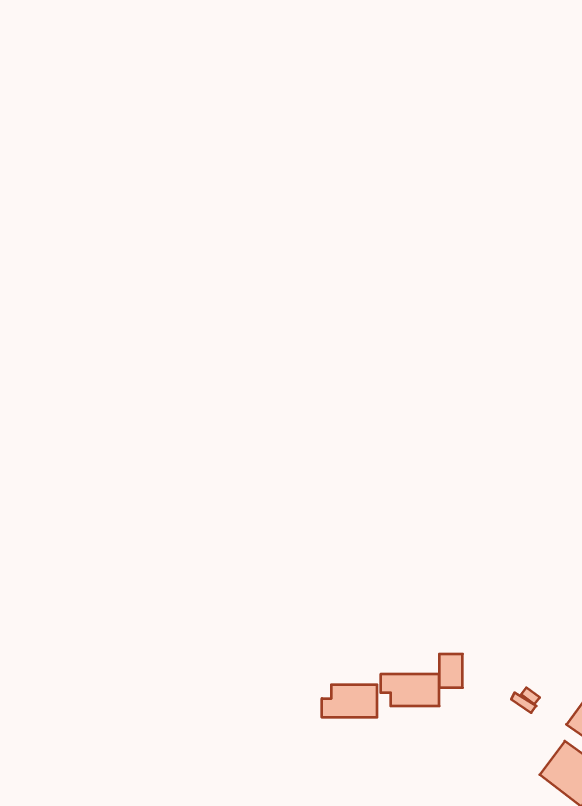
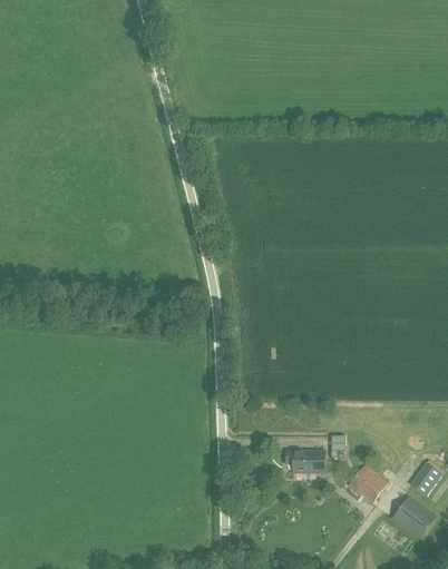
building: [322,685,377,717] -> none
building: none -> [344,465,388,503]

